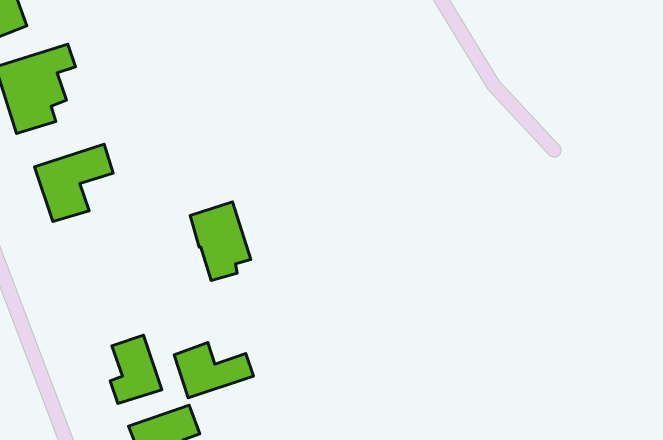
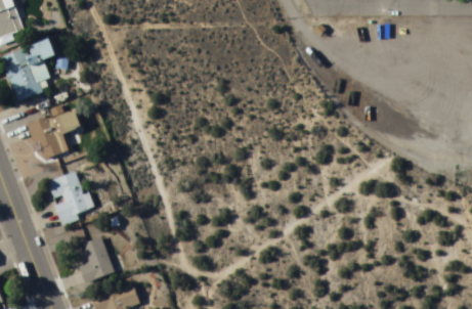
building: [190,202,251,281] -> [48,171,89,224]
building: [174,343,254,398] -> none

